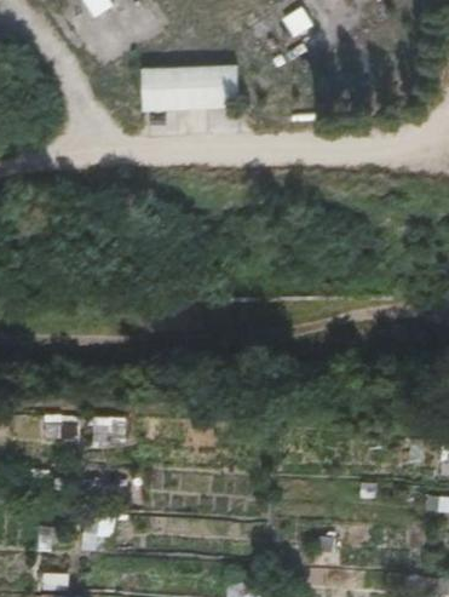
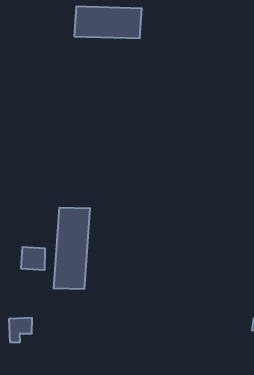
building: none -> [54,208,90,289]

